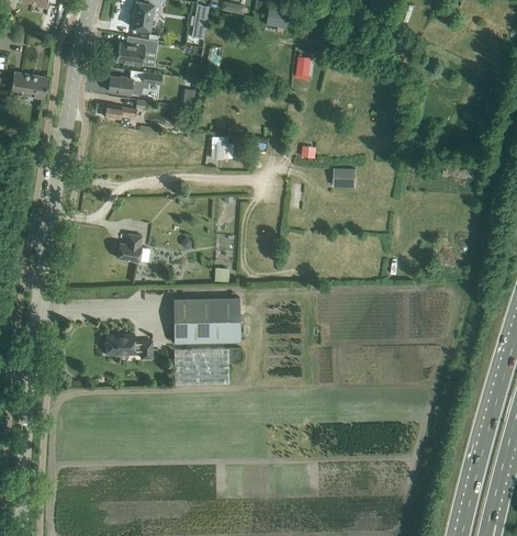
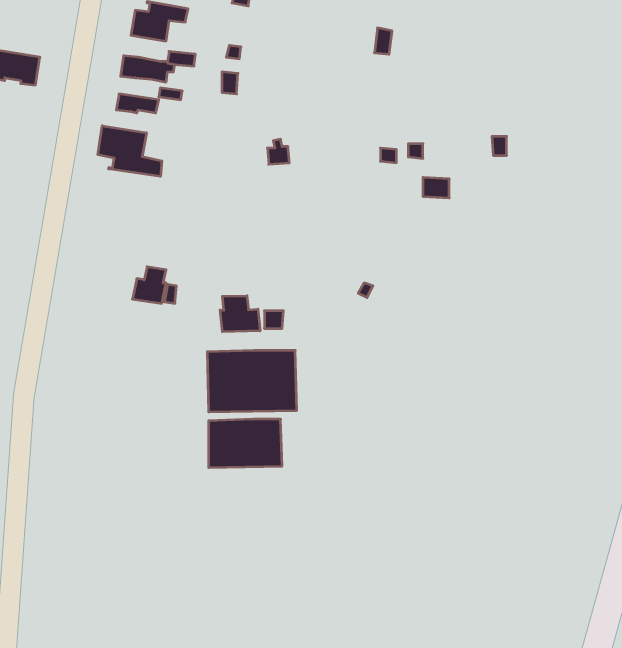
building: none -> [98,126,162,176]
building: none -> [220,296,260,332]
building: [106,334,153,359] -> none

